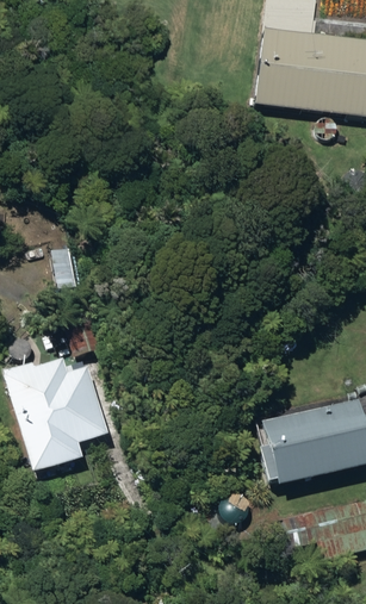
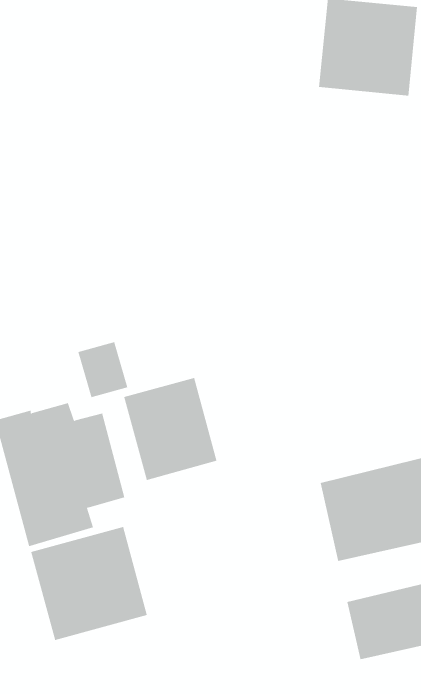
building: none -> [124,377,217,481]
building: none -> [31,526,148,641]

